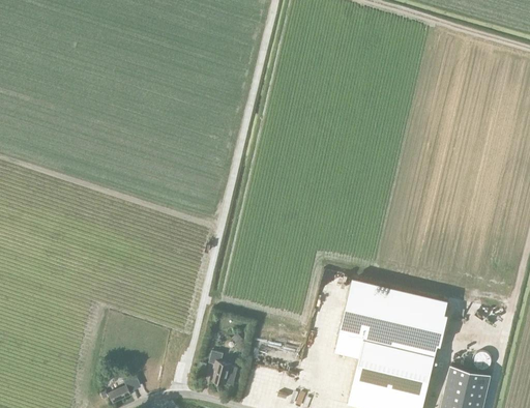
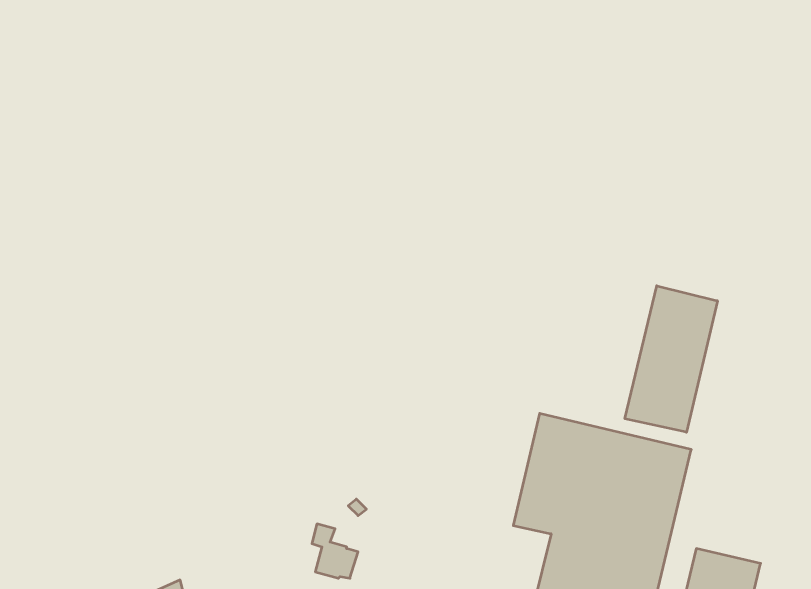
building: none -> [625,286,717,432]

